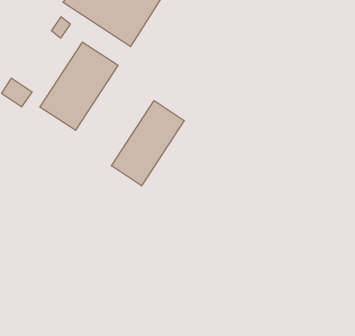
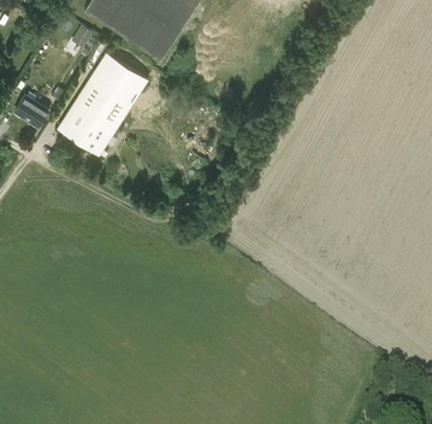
building: [111,101,184,186] -> none

